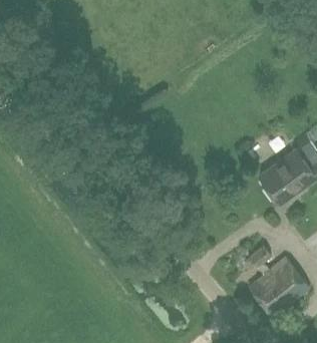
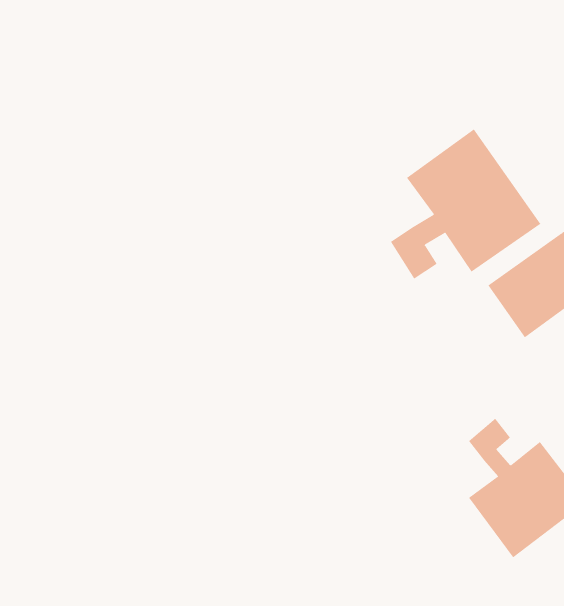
building: none -> [390,128,541,280]

